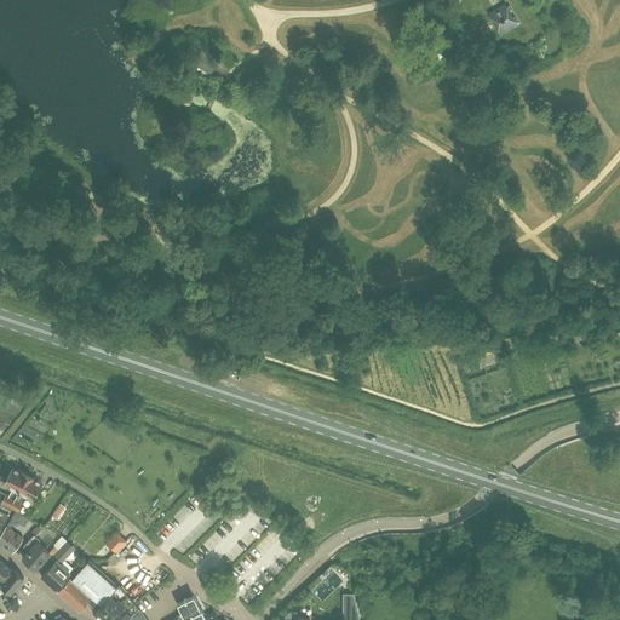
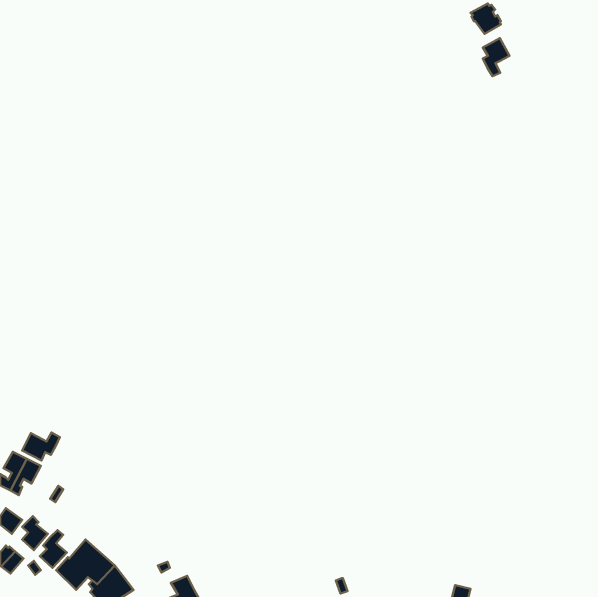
building: none -> [483,38,510,76]
building: none -> [22,433,60,461]

